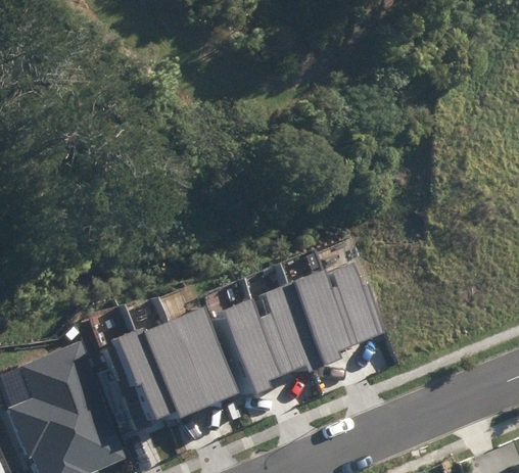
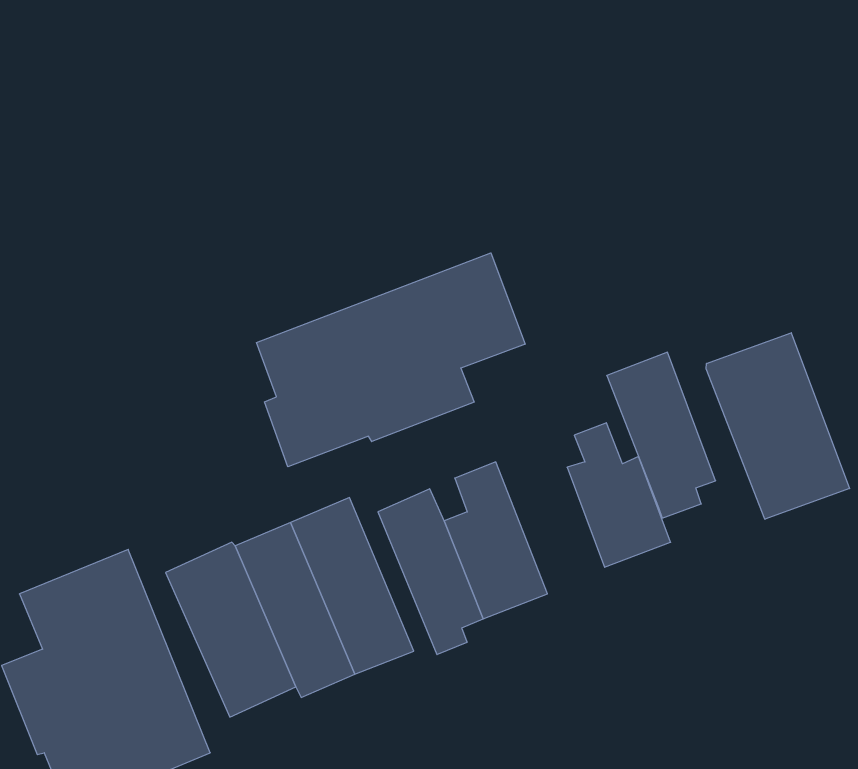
building: none -> [257,253,525,467]
building: none -> [706,333,850,519]
building: [288,273,350,368] -> [607,352,716,518]

